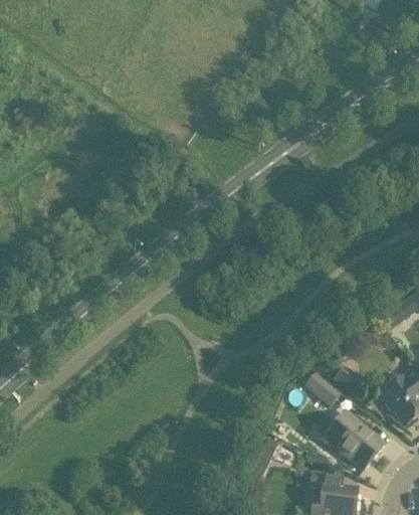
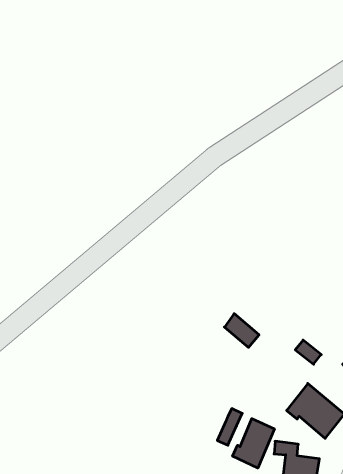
building: [304,371,341,406] -> [224,314,259,347]
building: none -> [233,419,274,468]

